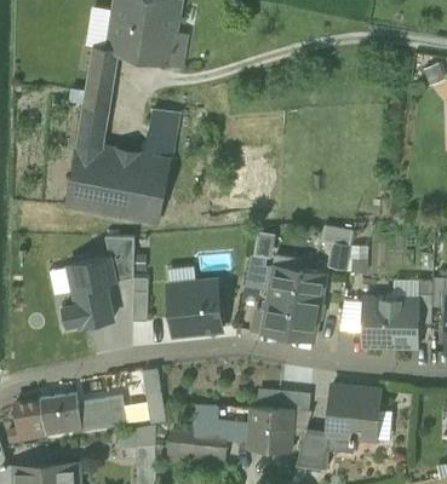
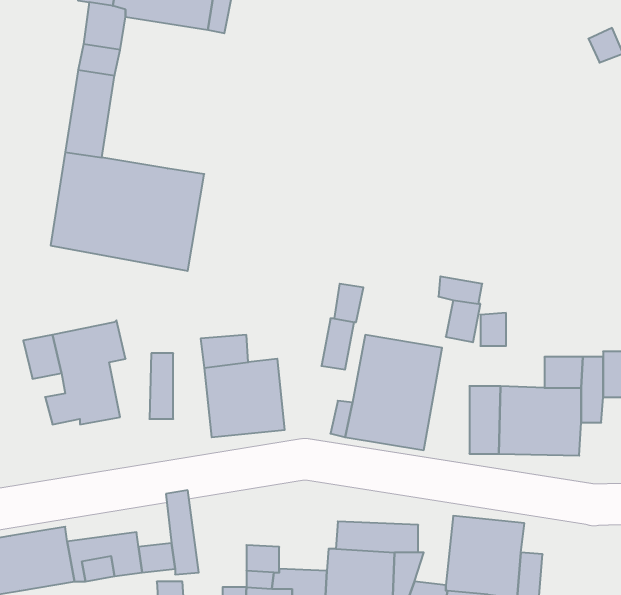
building: [144,110,176,160] -> none
building: [105,238,134,282] -> none

